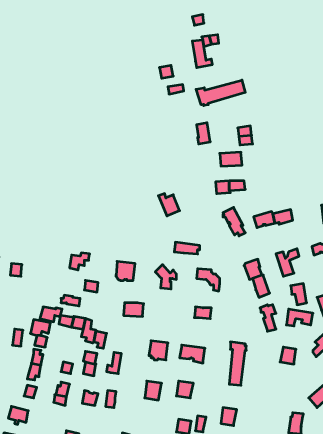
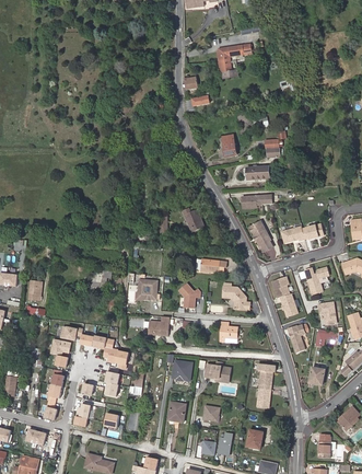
building: [196,80,245,106] -> none

